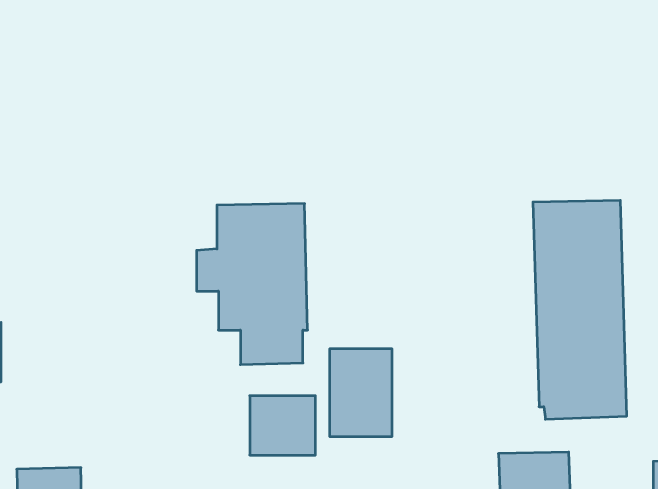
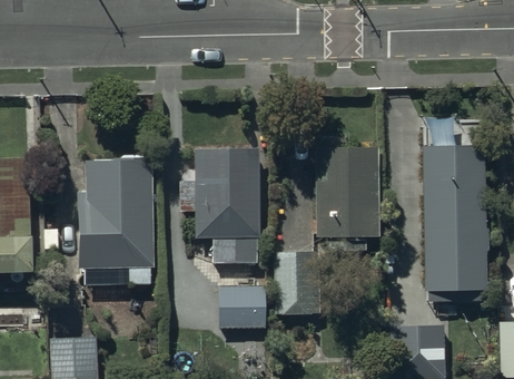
building: none -> [314,148,379,251]
building: none -> [79,161,155,284]

